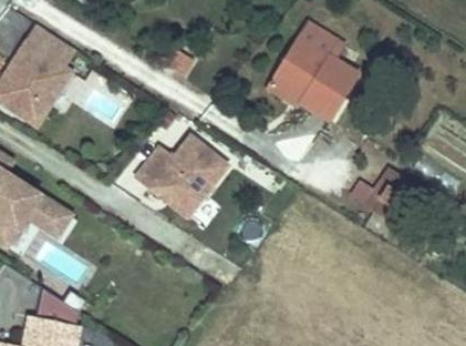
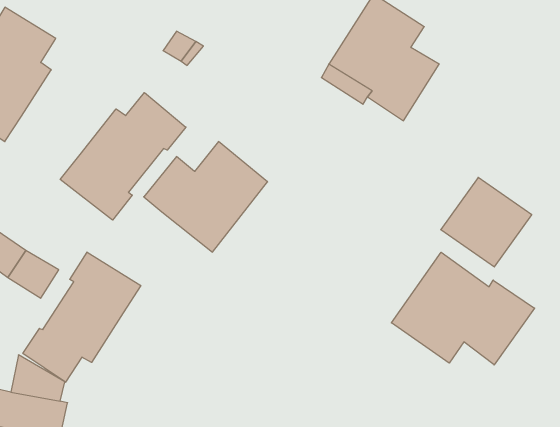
building: none -> [60,93,186,220]
building: none -> [23,252,141,382]
building: none -> [391,252,535,365]

